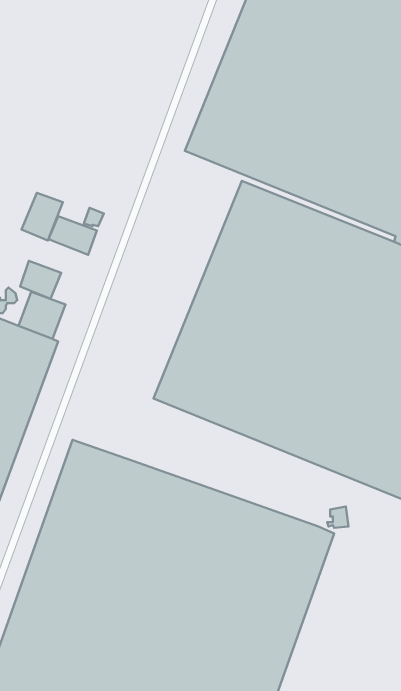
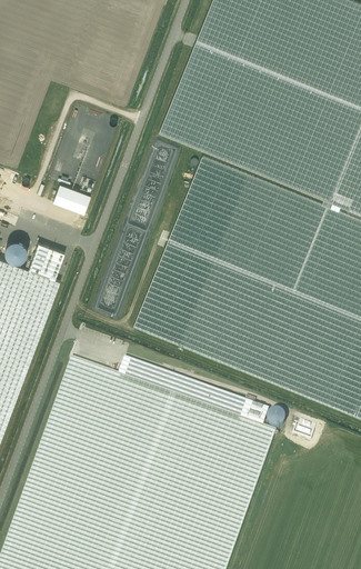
building: [21,193,63,241] -> none
building: [20,261,61,299] -> none
building: none -> [119,358,269,426]

